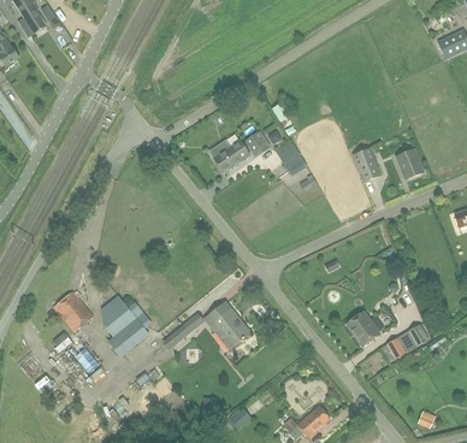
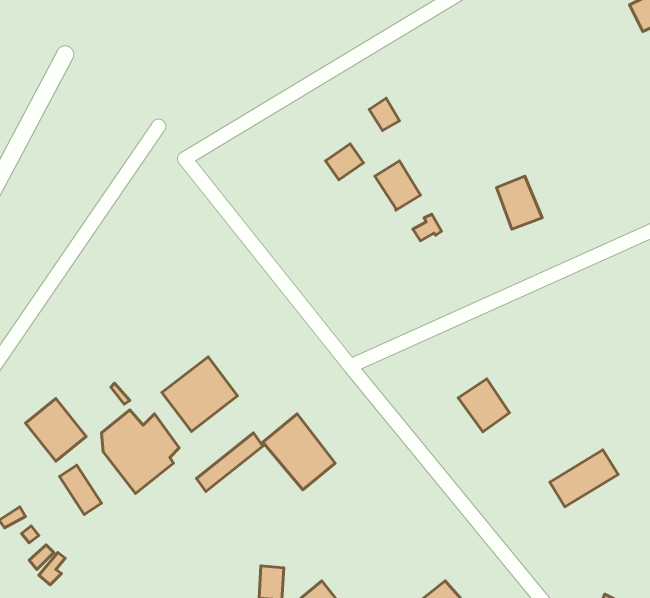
building: [209,138,249,171] -> none
building: [392,147,421,178] -> none
building: none -> [162,357,238,432]
building: [347,311,379,344] -> [458,379,510,432]

